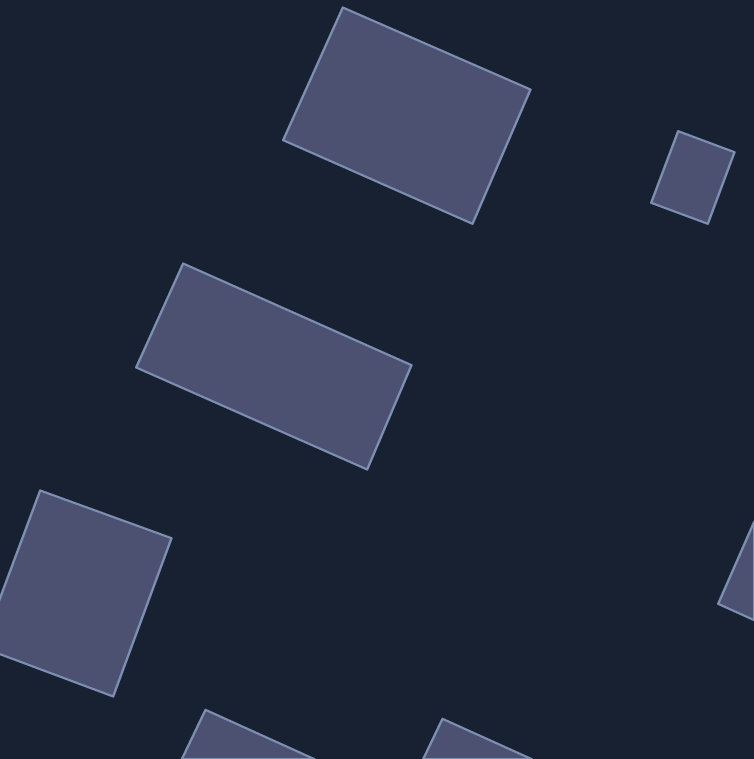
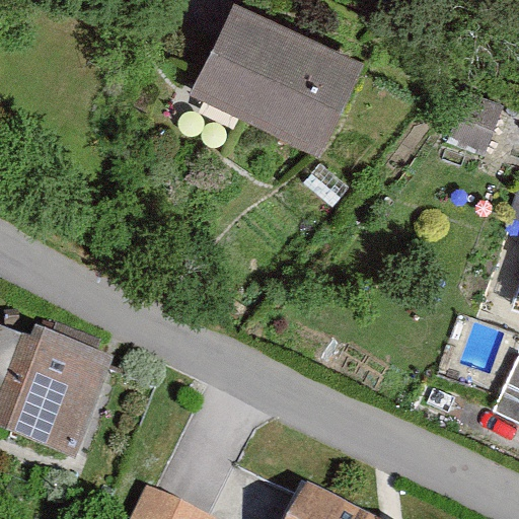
building: [136,264,412,469] -> none

